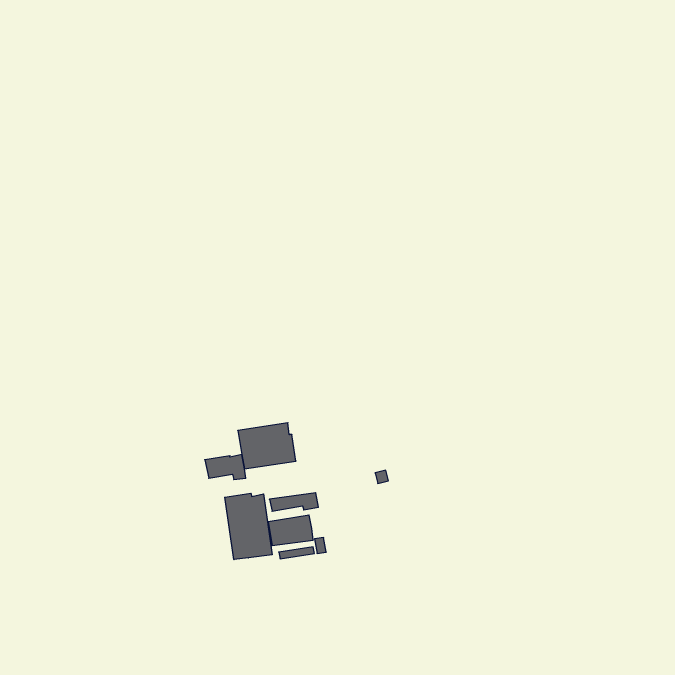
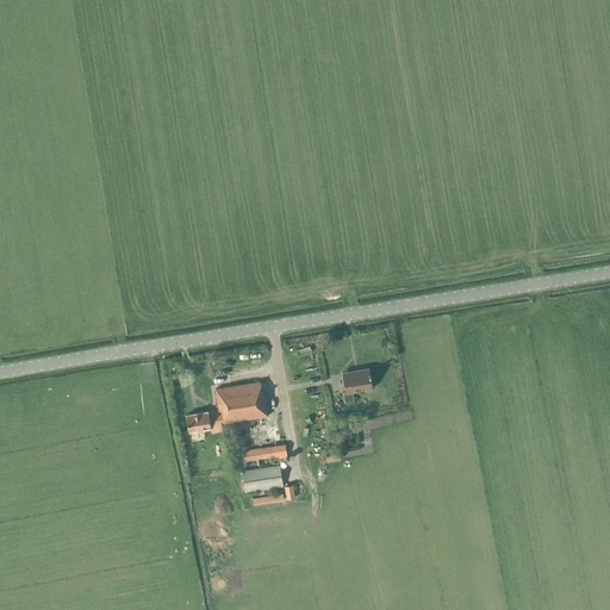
building: none -> [343,369,372,402]
building: [225,493,272,560] -> none

